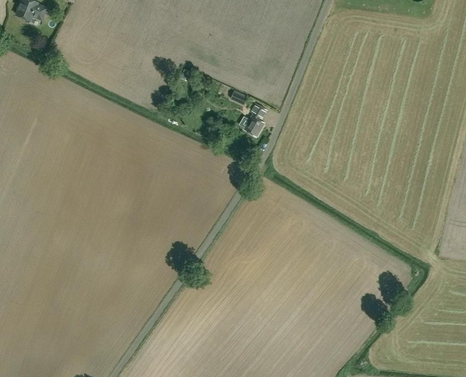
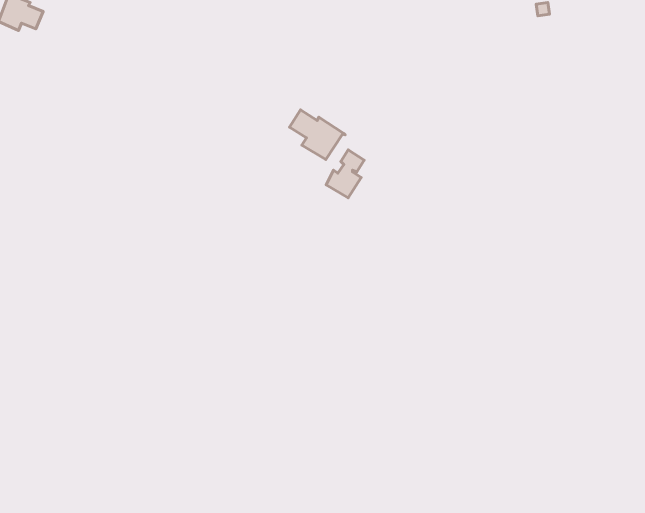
building: none -> [290,110,345,160]

